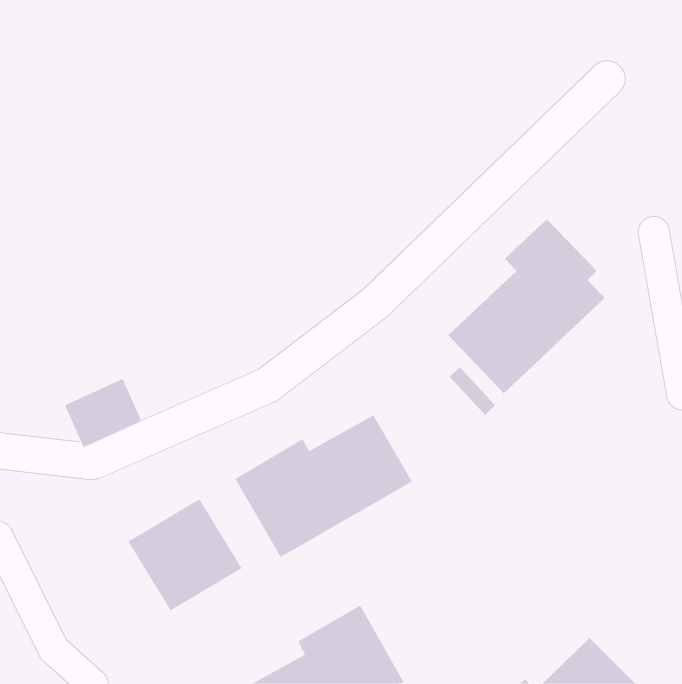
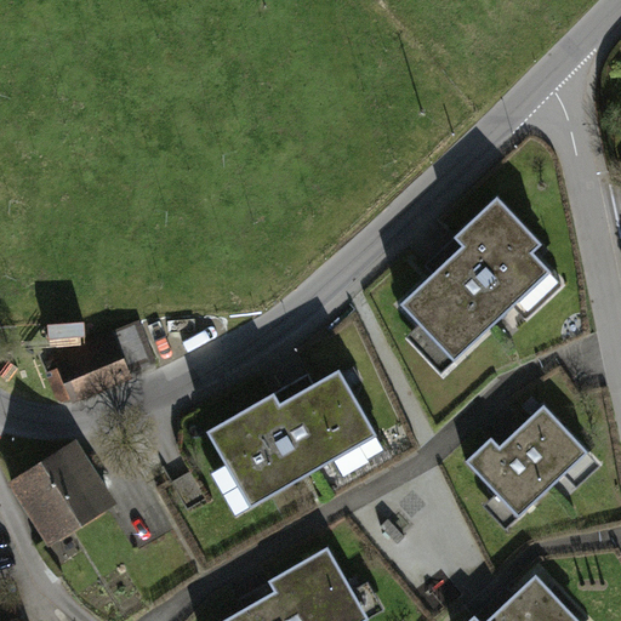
building: none -> [468,409,583,512]
building: [127,498,243,611] -> [10,449,114,551]

